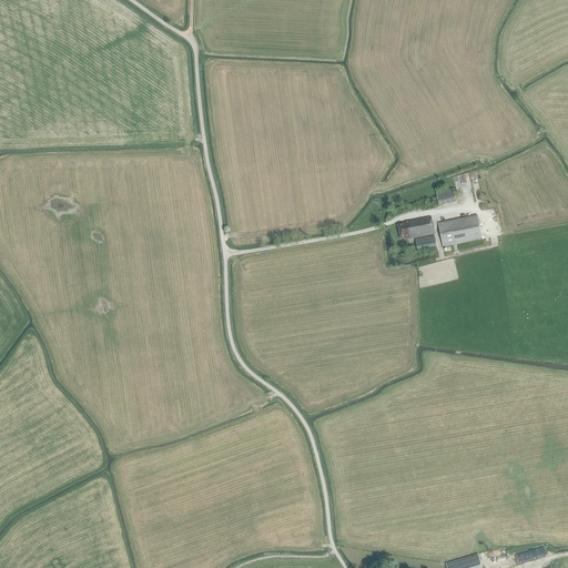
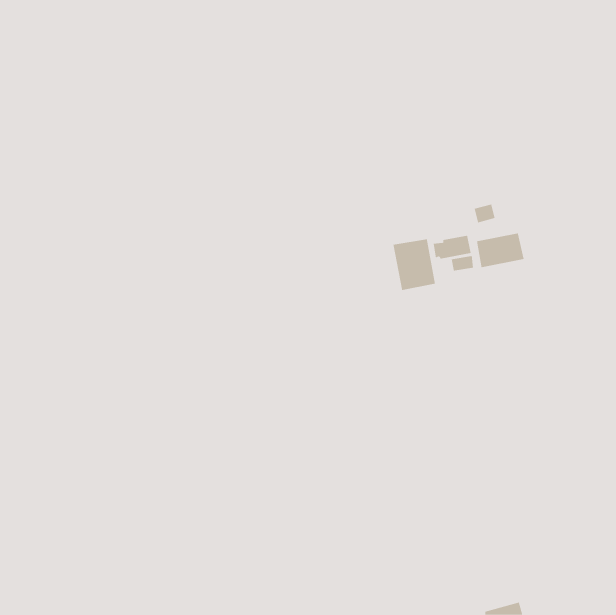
building: none -> [393,238,436,291]

